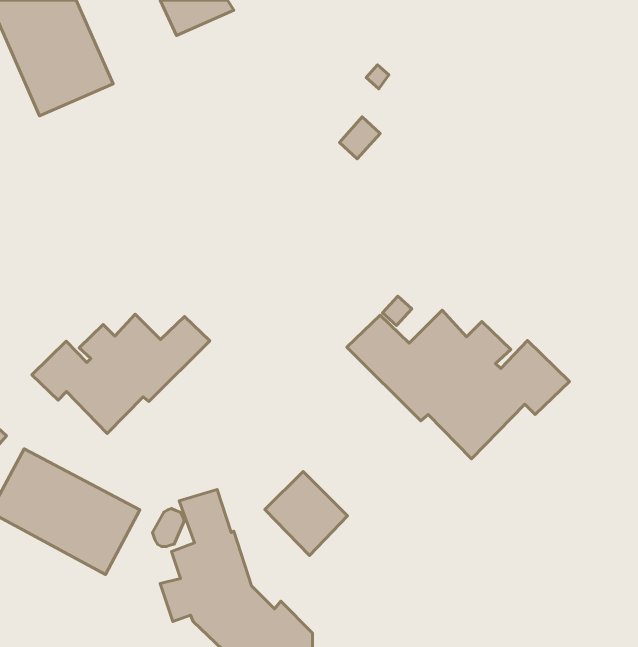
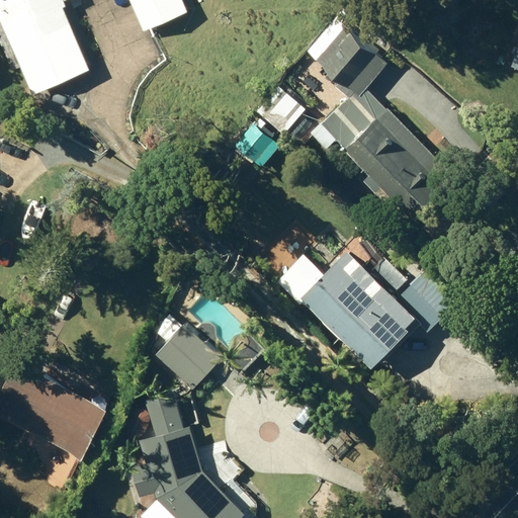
building: none -> [304,16,460,239]
building: [32,314,210,434] -> none
building: [265,471,348,555] -> [153,323,219,390]

